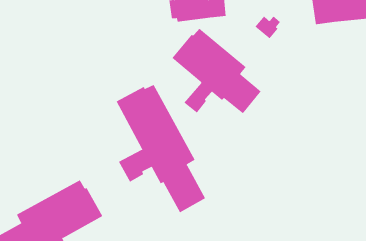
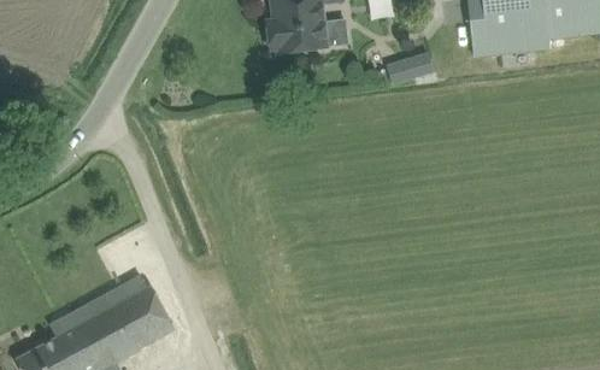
building: [171,28,262,114] -> none
building: [116,84,206,213] -> none

